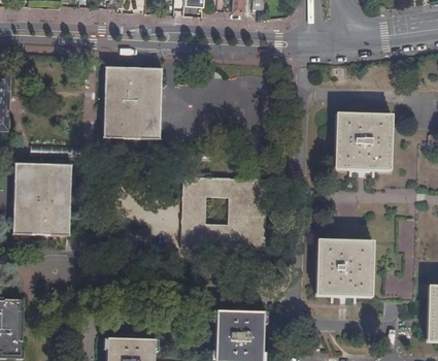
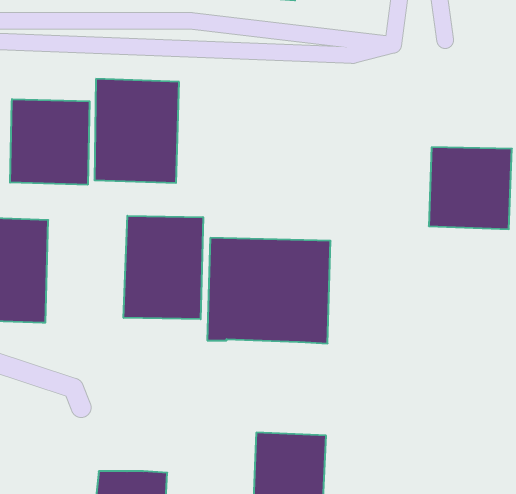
building: none -> [10,99,90,185]
building: none -> [124,216,203,319]
building: [316,240,374,298] -> none

